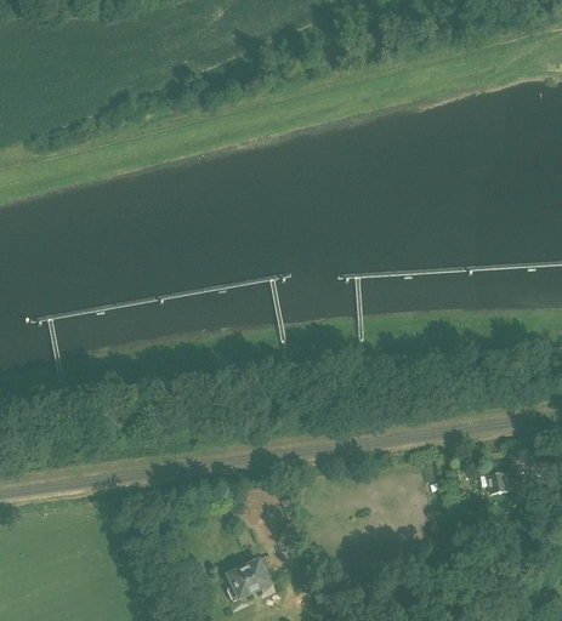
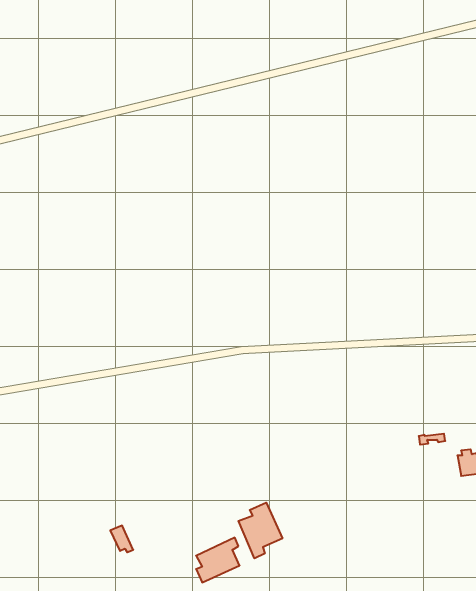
building: none -> [238,503,282,558]

